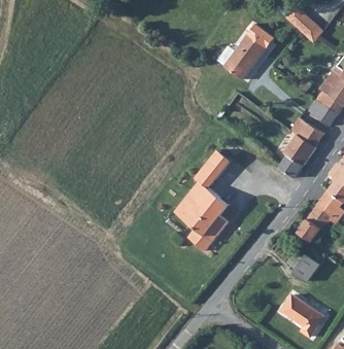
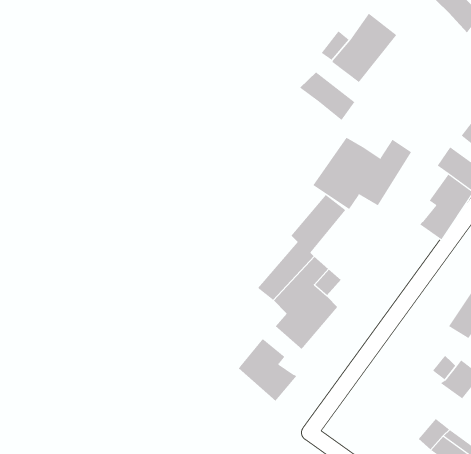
building: none -> [299,71,355,121]
building: none -> [313,137,412,210]
building: none -> [238,338,297,401]

